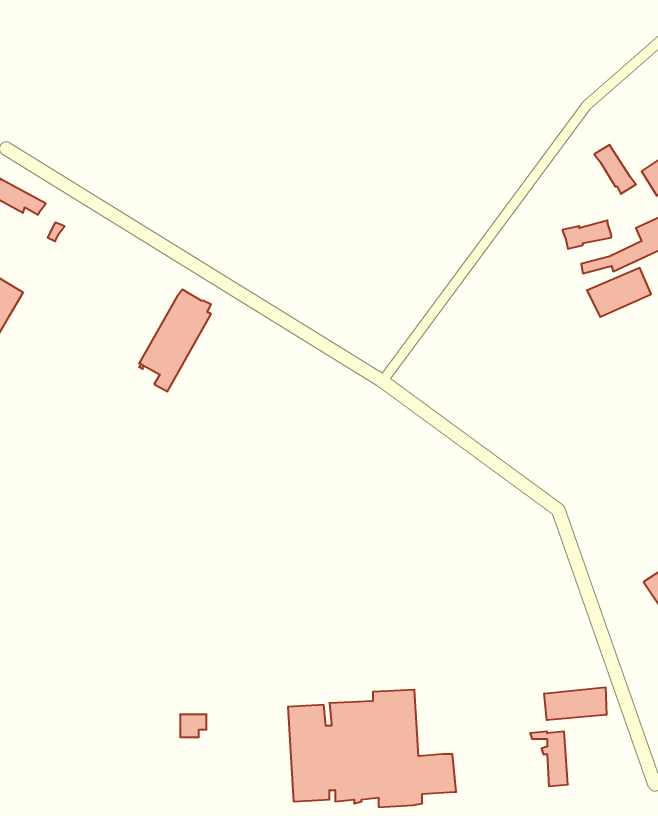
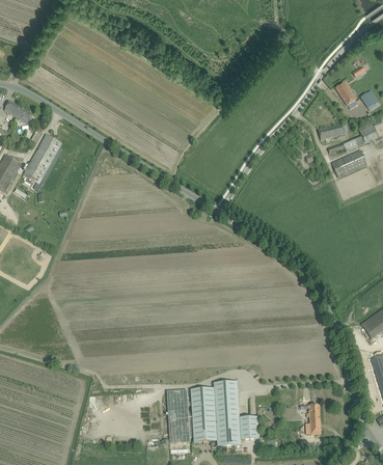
building: [139,289,211,392] -> [23,134,62,190]
building: [544,687,606,720] -> none

